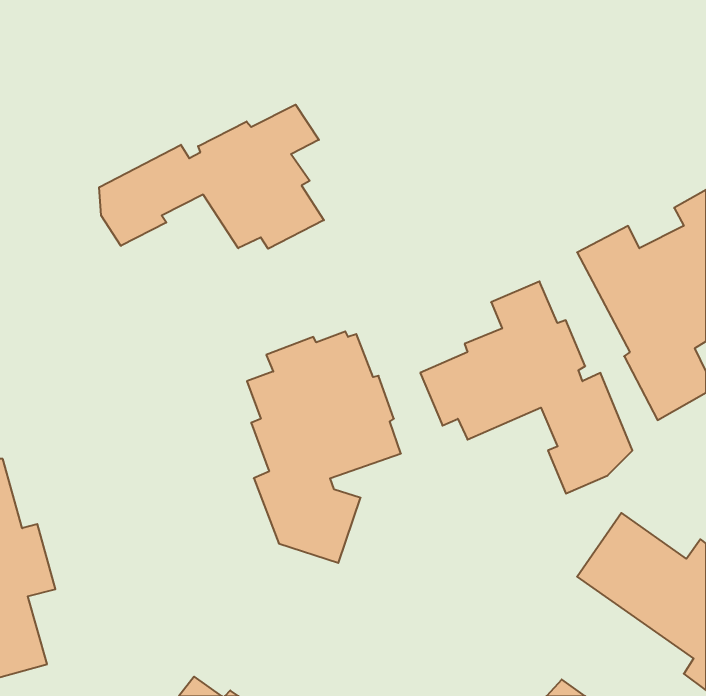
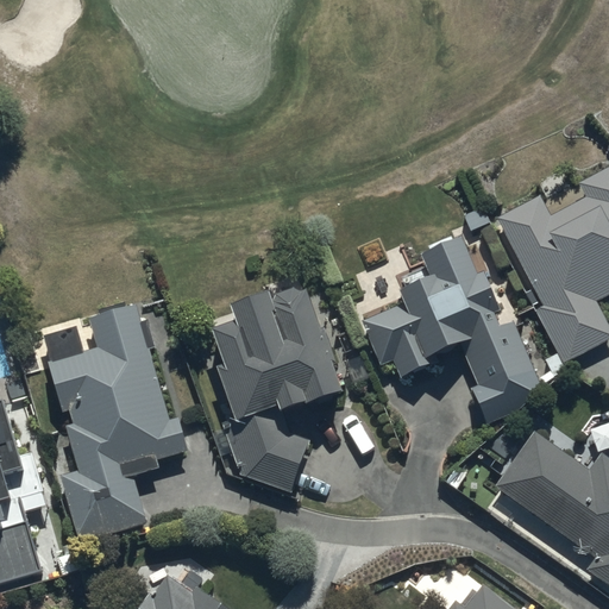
building: [99,105,324,249] -> none
building: none -> [44,302,188,538]

